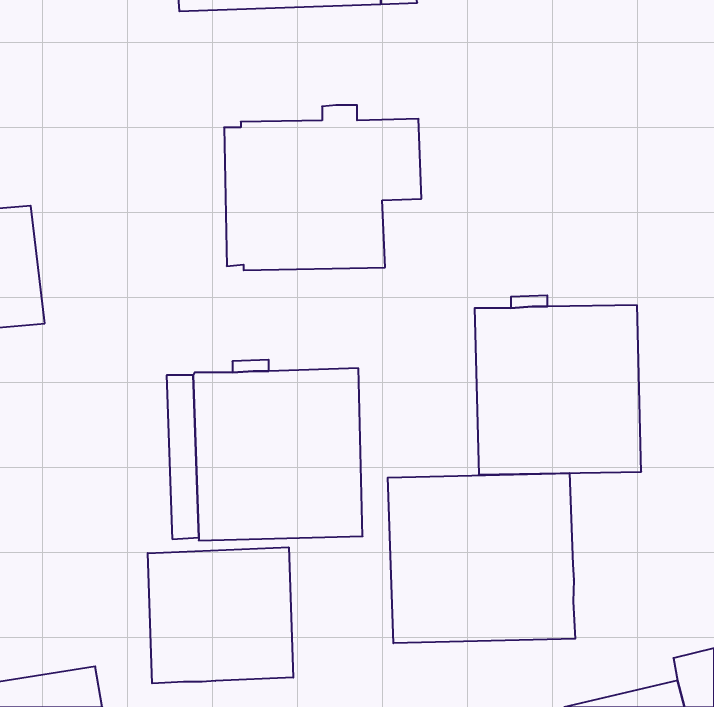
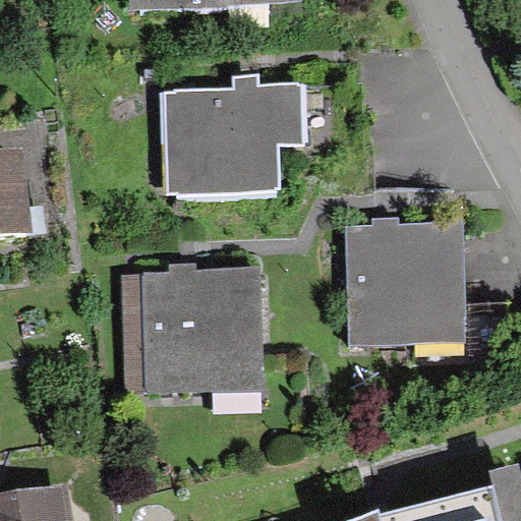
building: [388,473,575,643] -> none
building: [148,547,293,683] -> none

